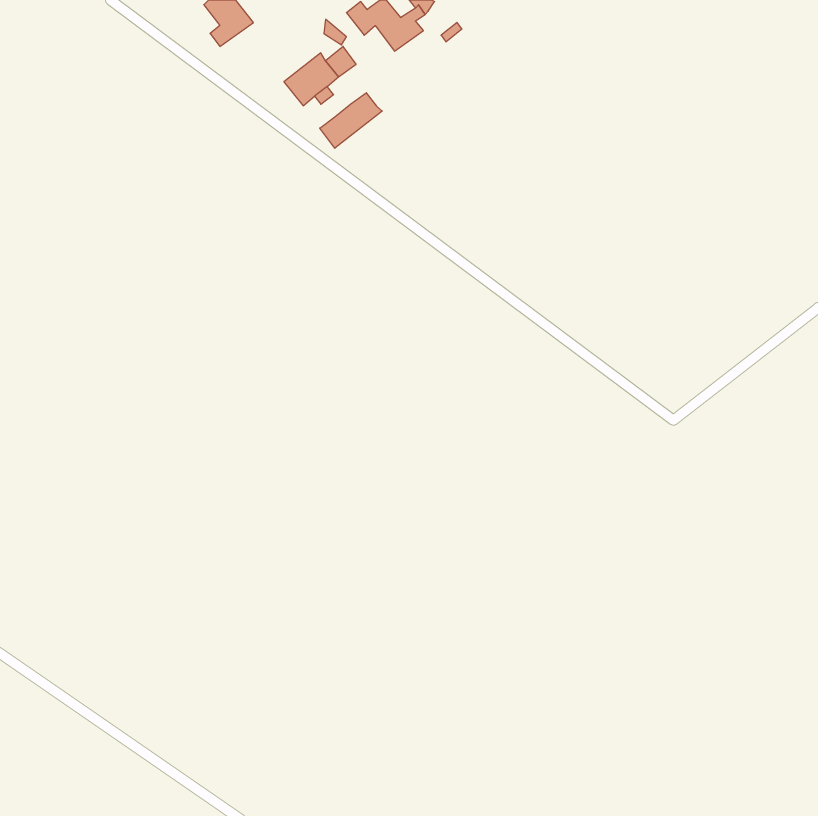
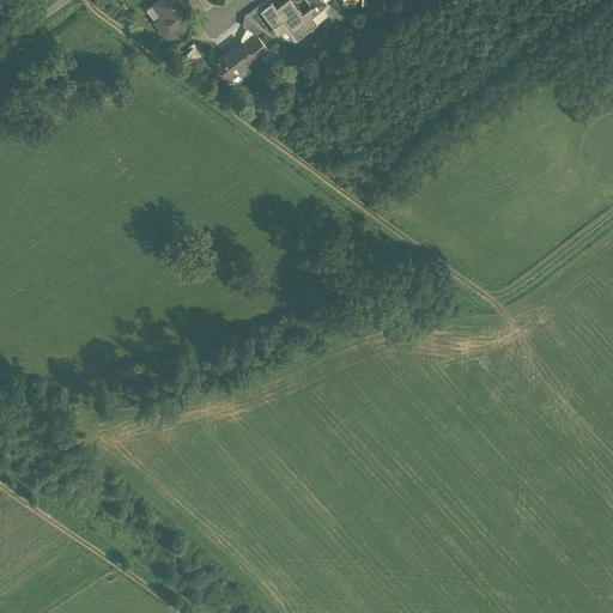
building: [320,93,382,148] -> none

